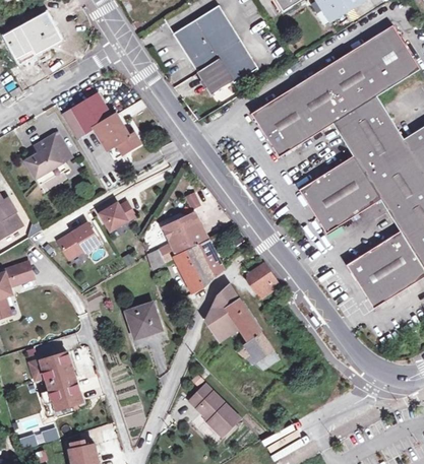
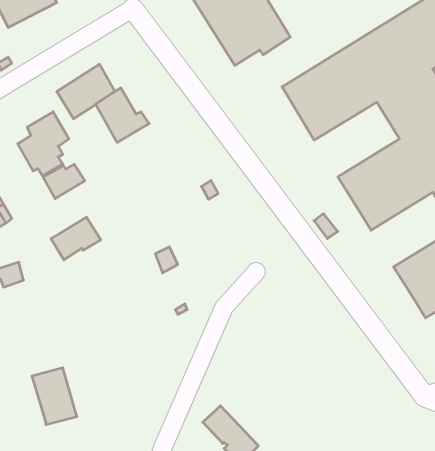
building: [98,201,133,230] -> [43,164,85,199]
building: [162,211,222,291] -> none
building: [246,264,277,296] -> none
building: [203,284,277,370] -> none
building: [125,303,159,335] -> none
building: [39,389,79,411] -> none

